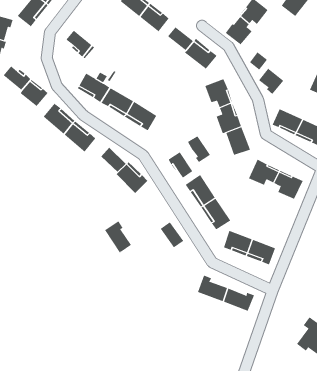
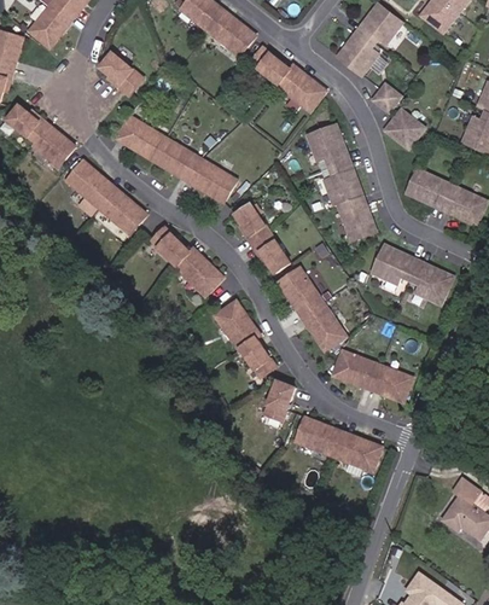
building: [187,135,211,163] -> [235,204,270,245]
building: [104,220,132,254] -> [215,301,256,350]
building: none -> [264,380,295,420]

